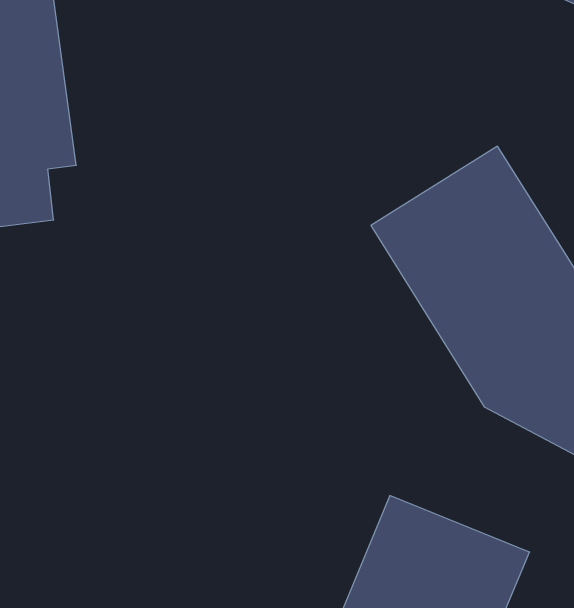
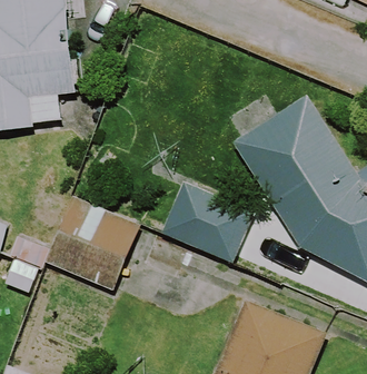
building: none -> [160,179,255,262]
building: none -> [44,197,140,291]

